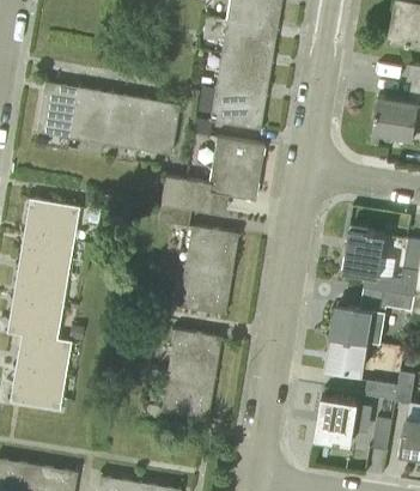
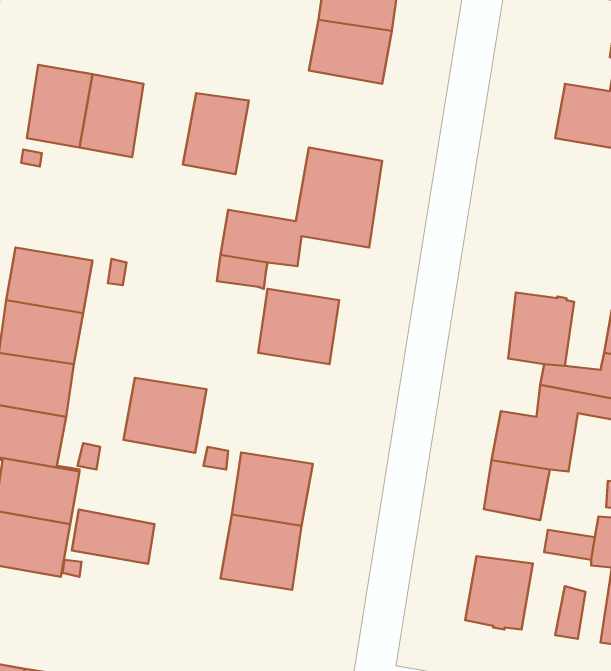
building: [212,87,263,129] -> none
building: [104,96,145,147] -> none
building: [177,267,230,315] -> [124,378,206,453]
building: none -> [72,510,155,564]

